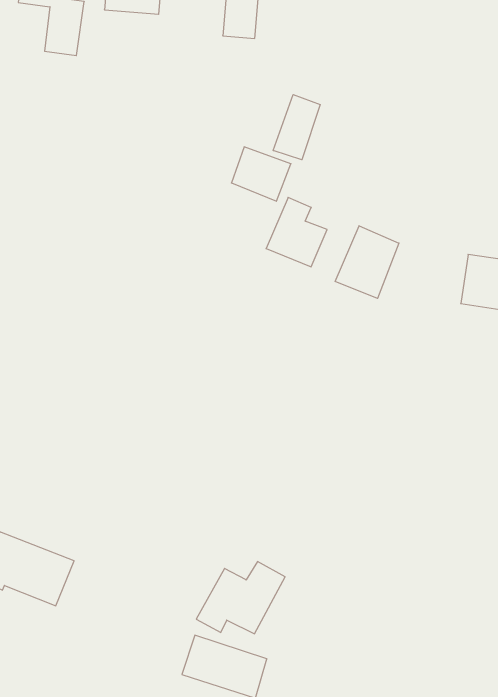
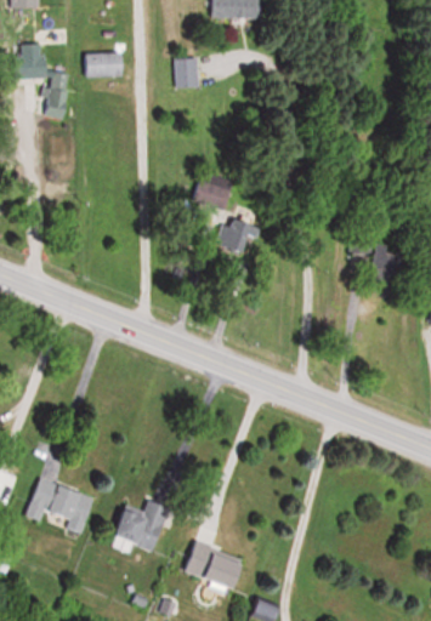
building: [273,95,320,160] -> none
building: [335,226,399,298] -> none
building: [196,562,285,634] -> [108,495,172,551]

